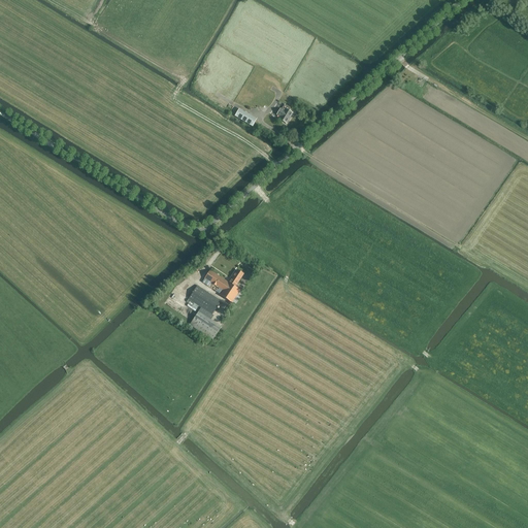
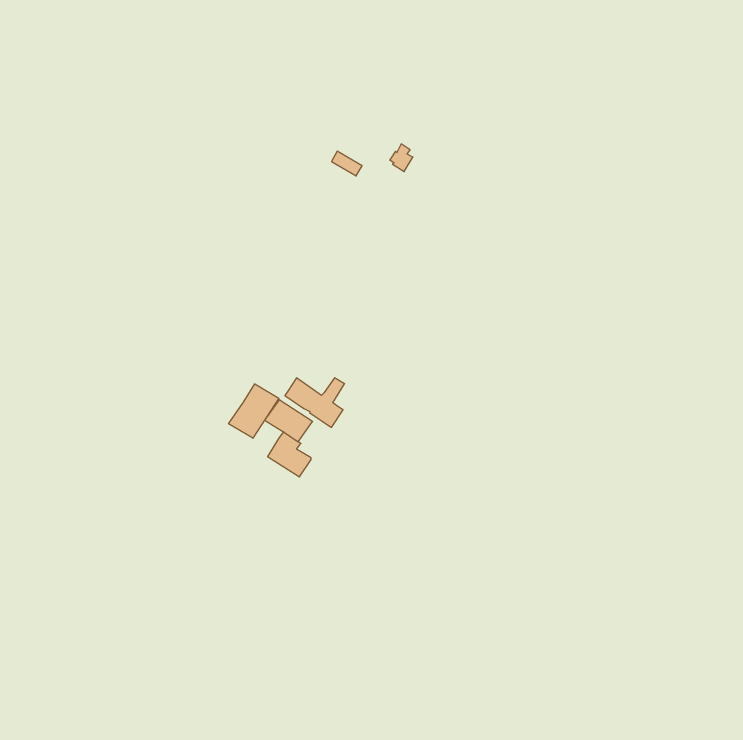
building: none -> [229,384,279,438]

